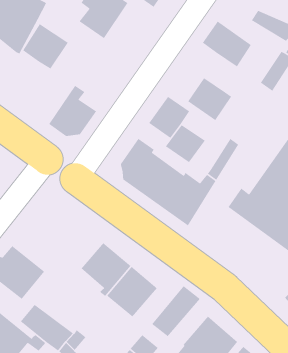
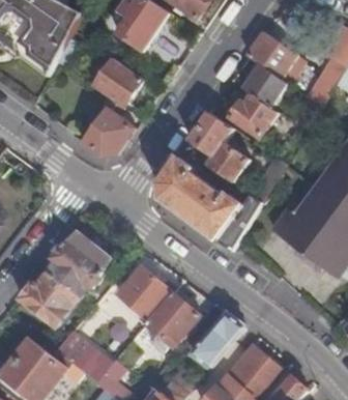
building: [22,23,69,70] -> [93,58,143,108]
building: none -> [242,65,287,107]
building: none -> [45,230,111,297]

